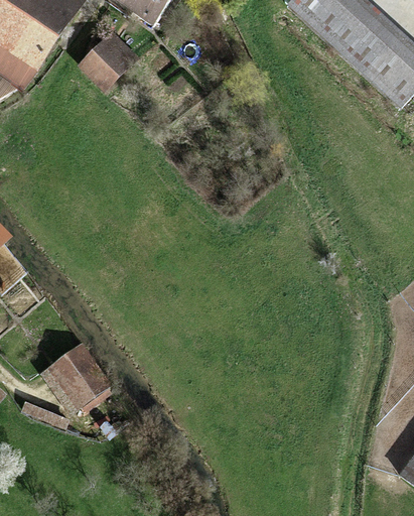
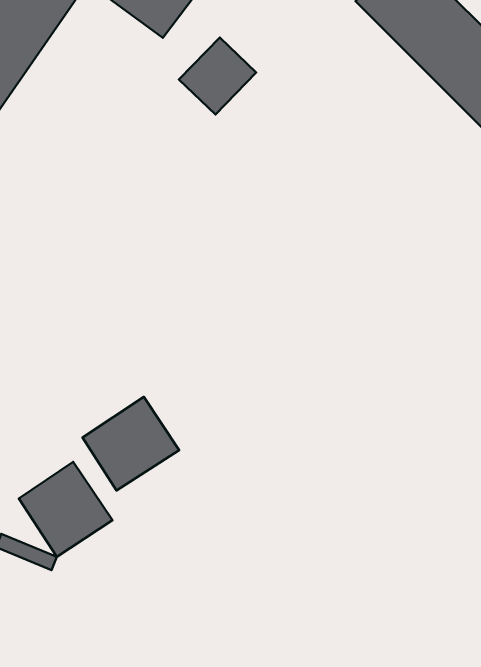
building: [80,30,137,88] -> [179,37,256,115]
building: none -> [82,397,179,490]

